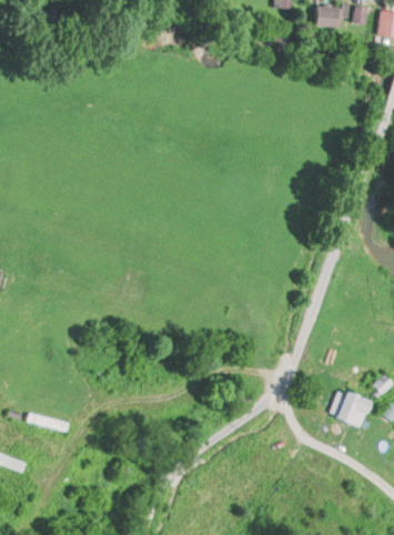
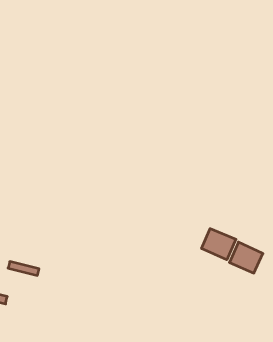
building: none -> [202,229,236,260]

